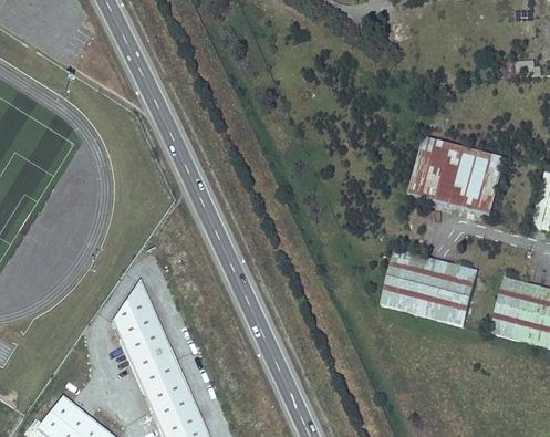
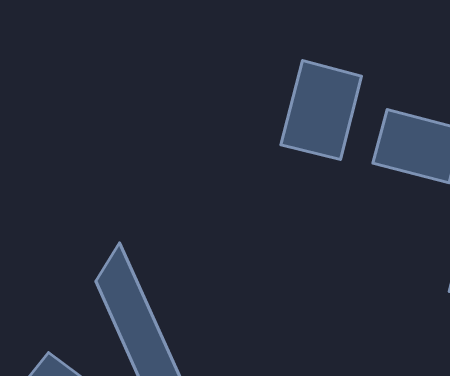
building: none -> [281,61,362,160]
building: [383,249,476,324] -> none

